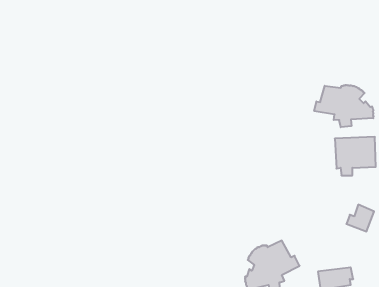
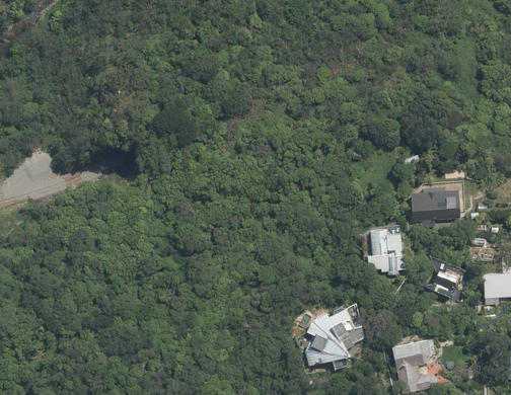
building: [314,85,374,127] -> none
building: none -> [368,228,400,270]

